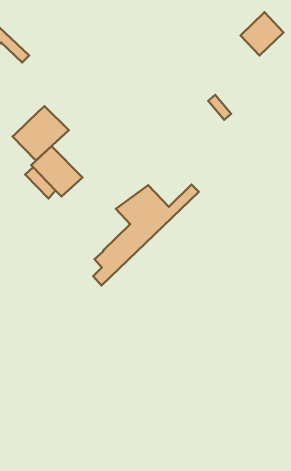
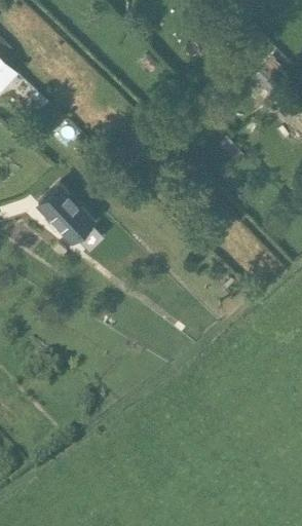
building: [13,106,69,160] -> none
building: [93,185,199,285] -> none

